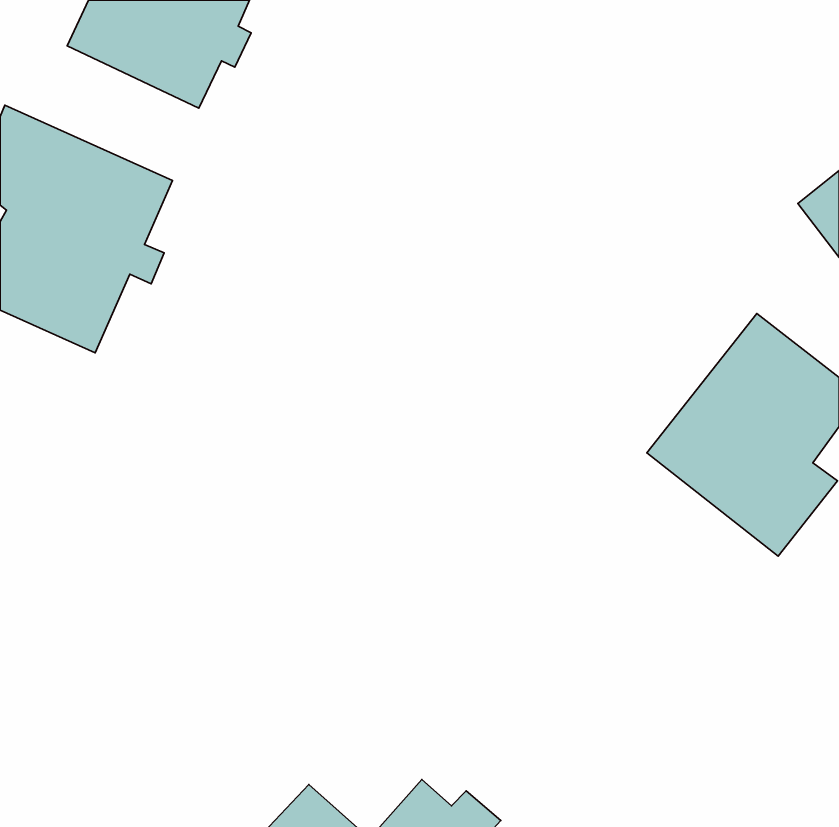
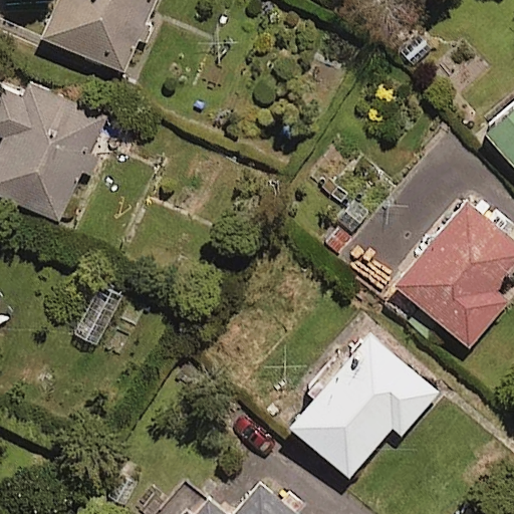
building: none -> [286,331,443,478]

